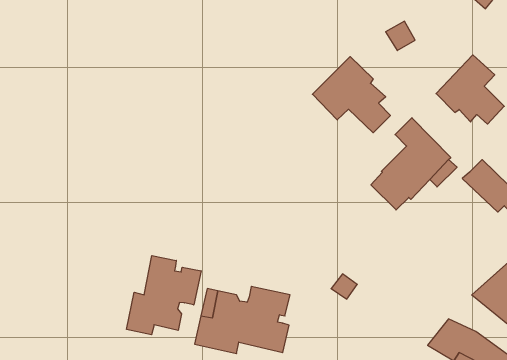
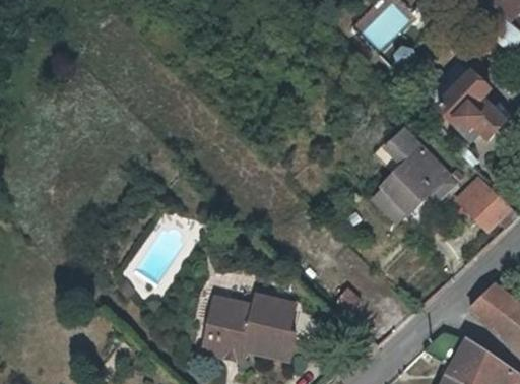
building: [312,57,390,133] -> none
building: [127,256,201,335] -> none

